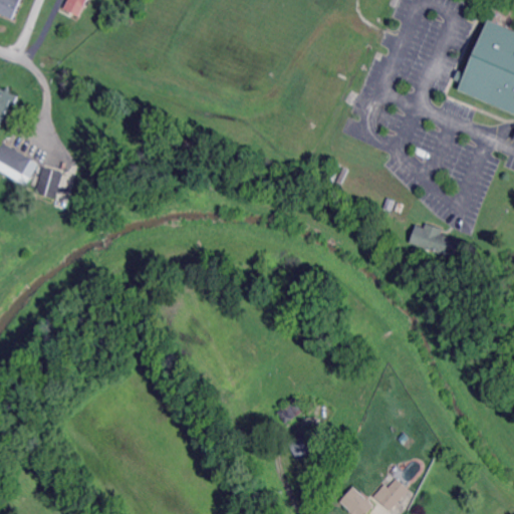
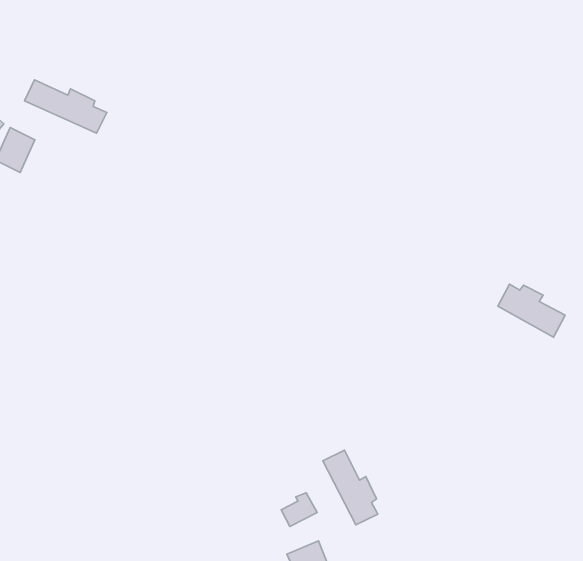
building: none -> [25,80,107,133]
building: none -> [323,450,378,525]

